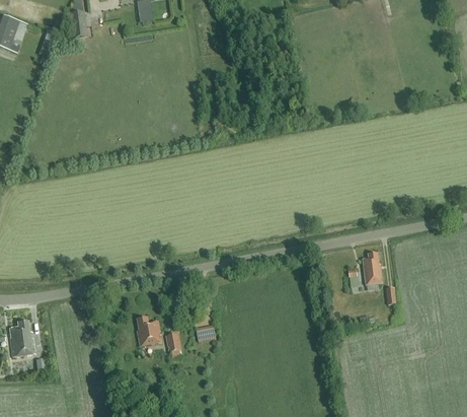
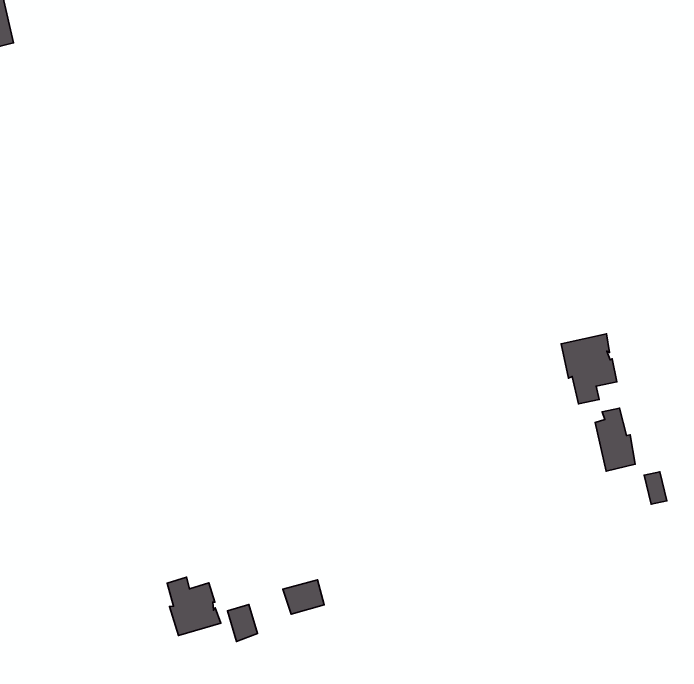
building: none -> [561,334,617,404]

